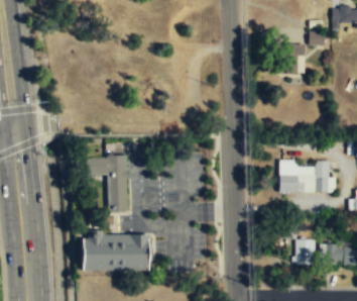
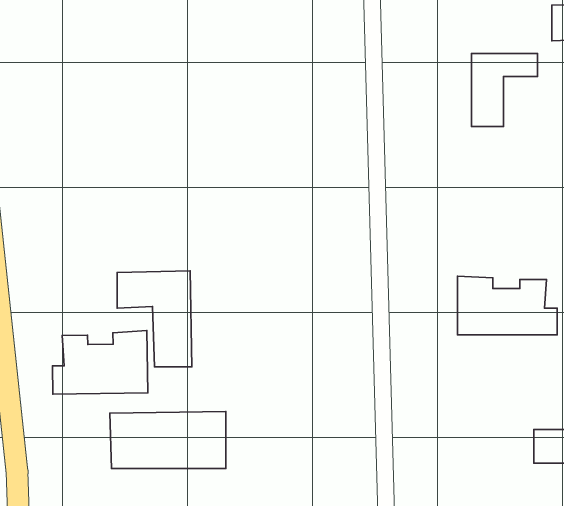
building: none -> [52,330,148,394]
building: [294,239,315,264] -> none

